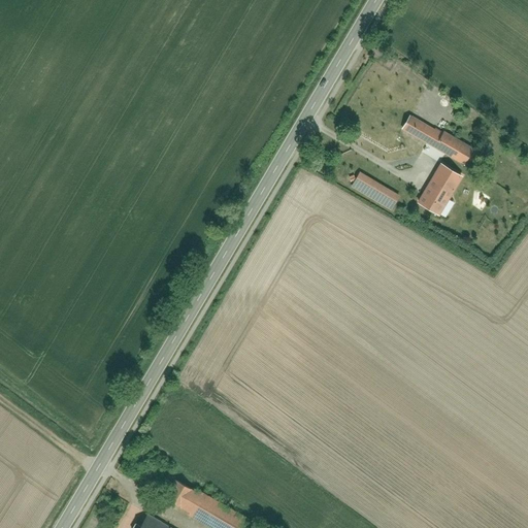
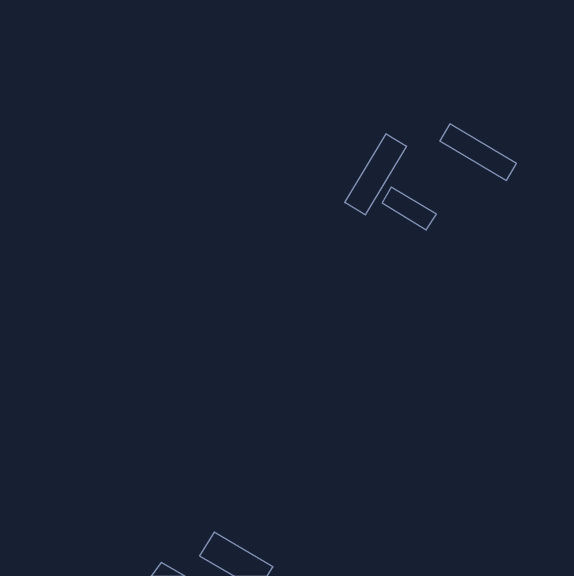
building: none -> [345,134,407,215]
building: [416,163,462,217] -> none

